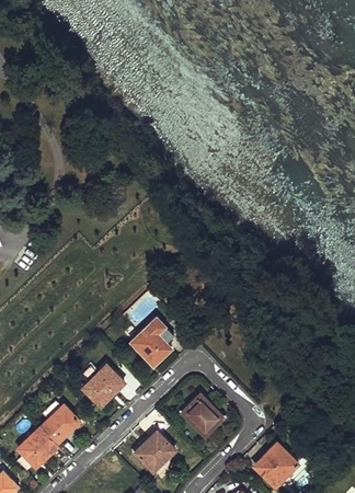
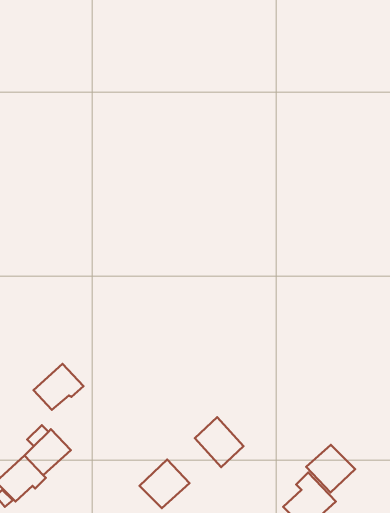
building: [131,320,174,367] -> none
building: [82,367,124,405] -> [33,364,83,410]
building: none -> [306,445,355,493]

